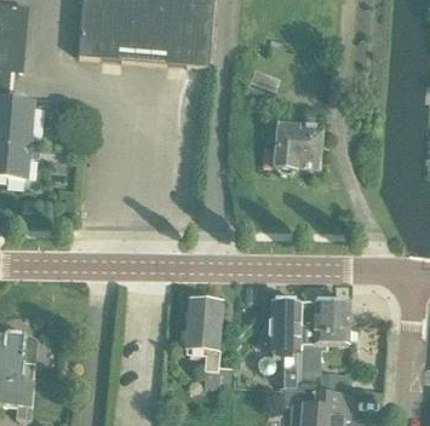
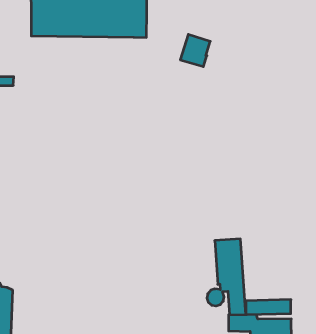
building: [264,111,323,173] -> none
building: [299,300,349,349] -> none
building: [184,301,225,384] -> none

